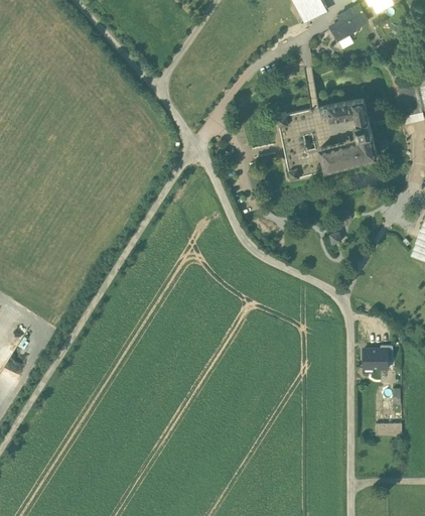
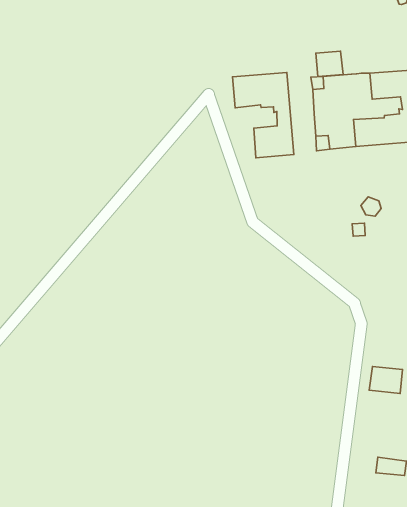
building: none -> [316,51,343,77]
building: none -> [233,72,294,158]

